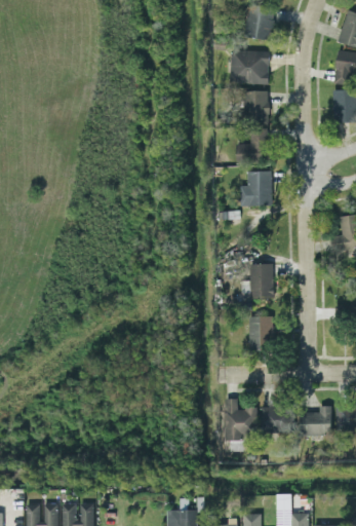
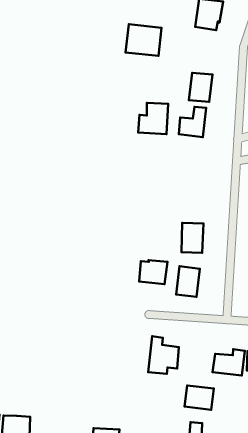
building: [230,50,269,84] -> [126,24,162,56]
building: [239,171,272,206] -> [138,103,168,134]
building: none -> [139,260,168,284]
building: [261,407,292,433] -> [185,385,214,410]

